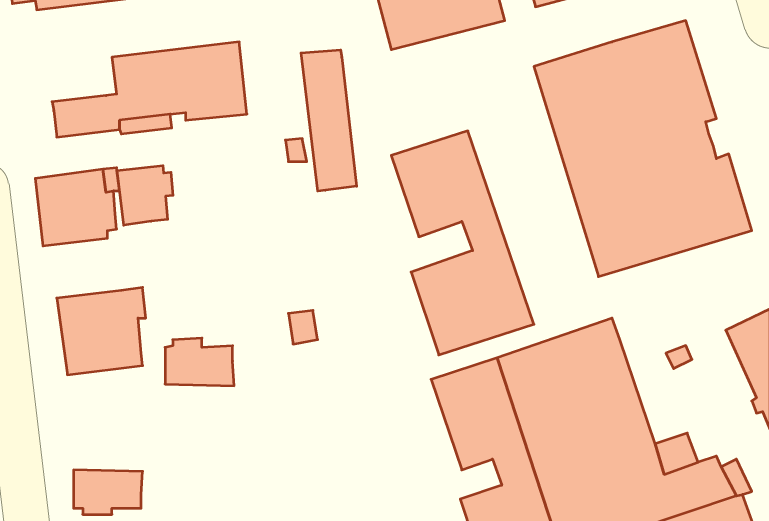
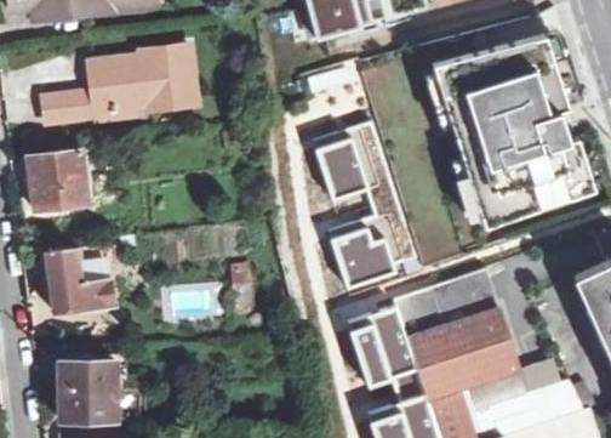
building: [301,50,357,191] -> none
building: [117,166,173,225] -> none
building: [165,338,234,386] -> [59,352,114,389]

